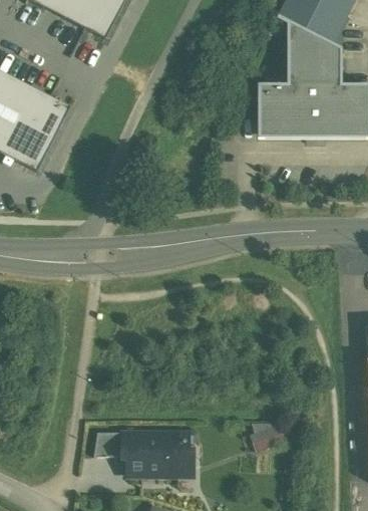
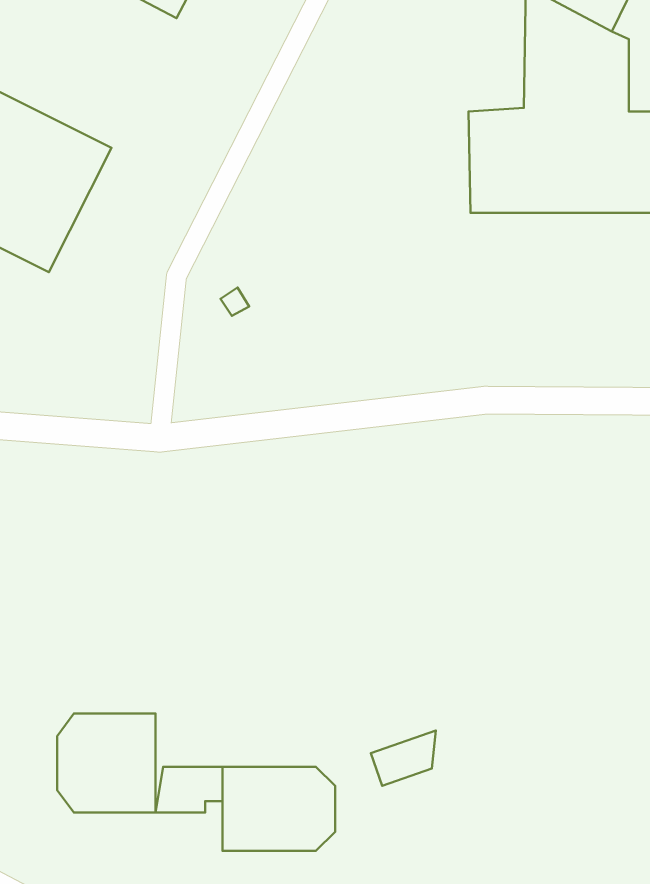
building: none -> [57,714,156,813]
building: [250,420,284,449] -> [371,730,436,786]

